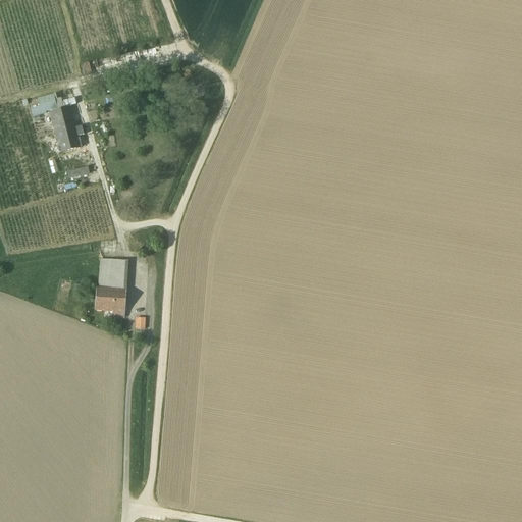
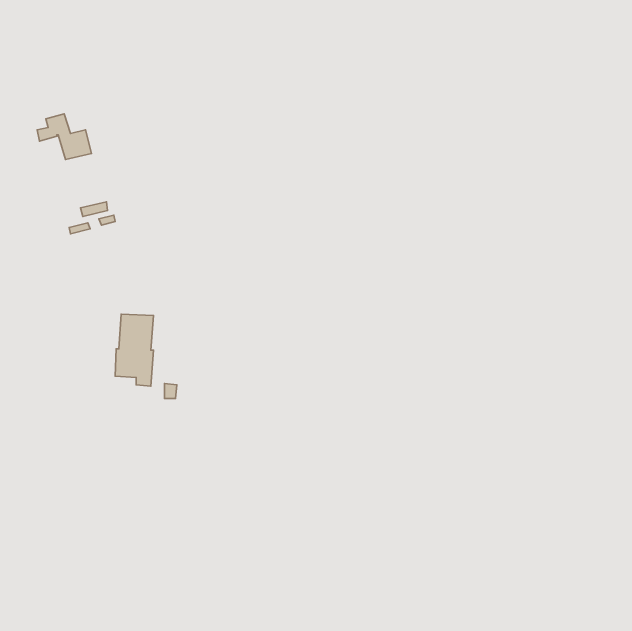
building: [47,125,84,152] -> none

